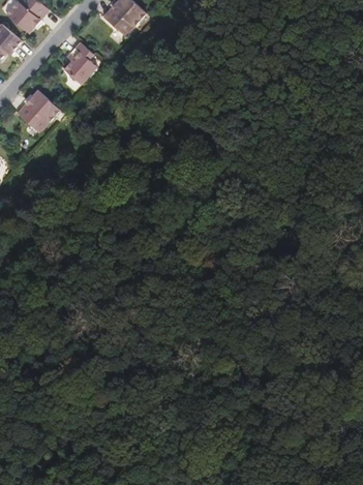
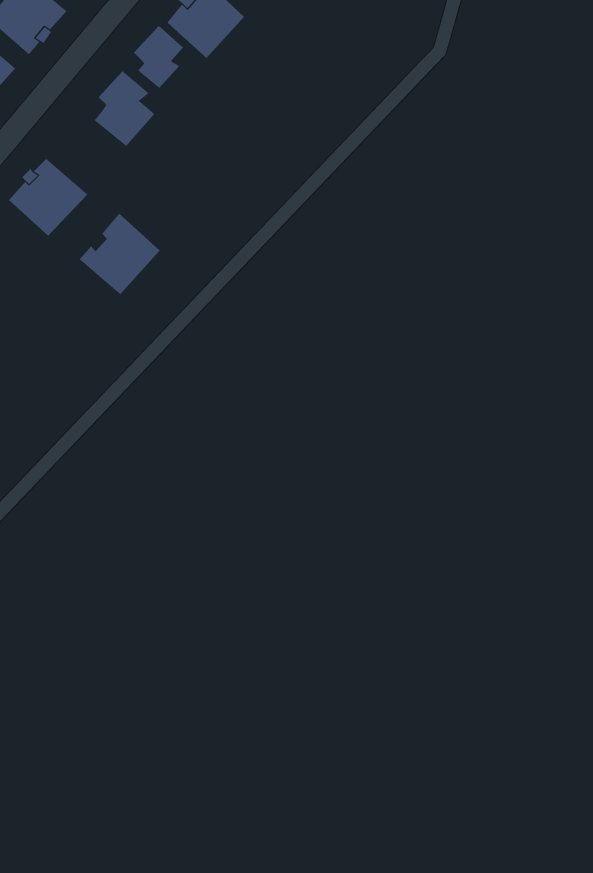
building: none -> [133,25,184,89]
building: none -> [79,213,161,295]

